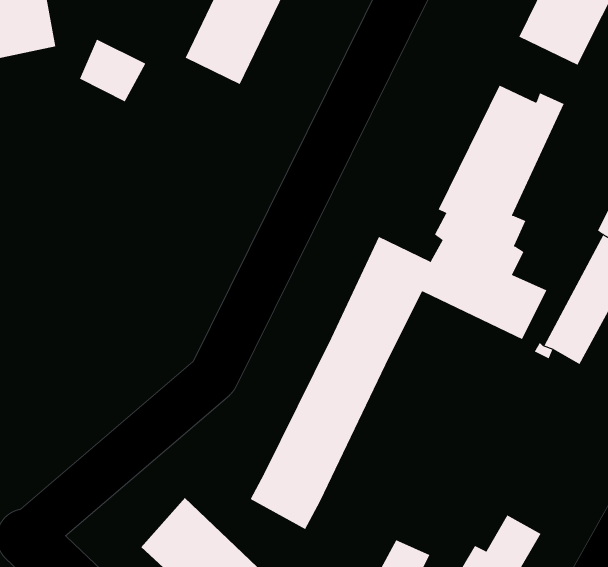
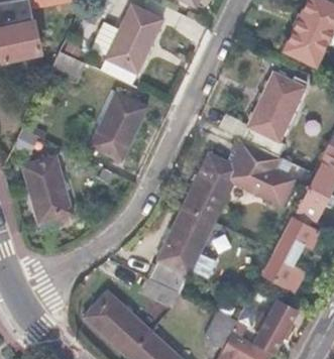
building: none -> [91,91,146,159]
building: none -> [25,156,75,222]
building: none -> [263,218,317,288]

